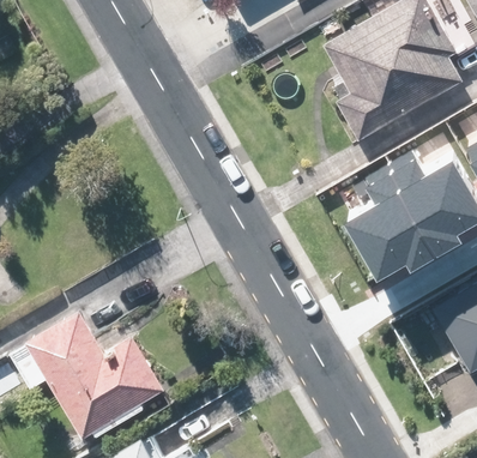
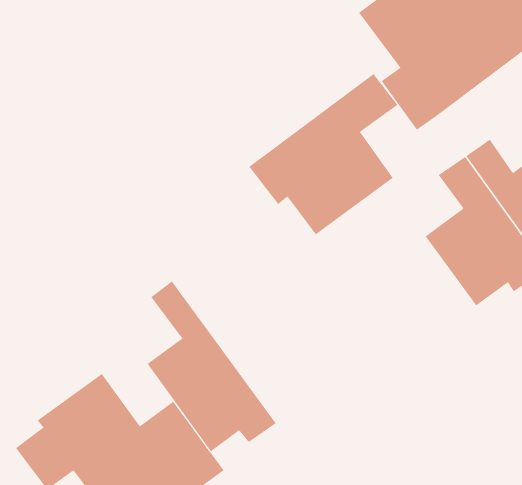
building: none -> [248,73,398,235]
building: none -> [147,281,276,452]

